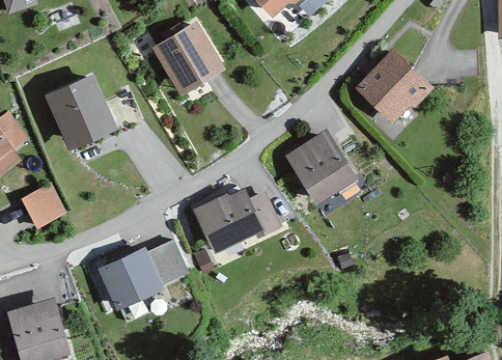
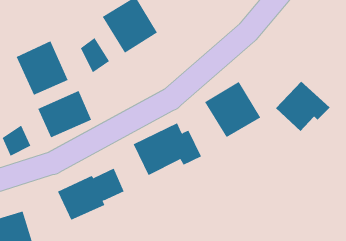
building: [358,55,428,120] -> [275,81,331,132]
building: none -> [80,37,110,73]
building: none -> [37,90,92,138]

